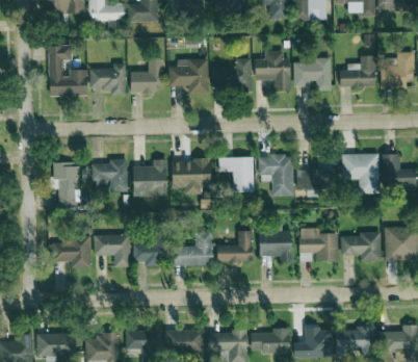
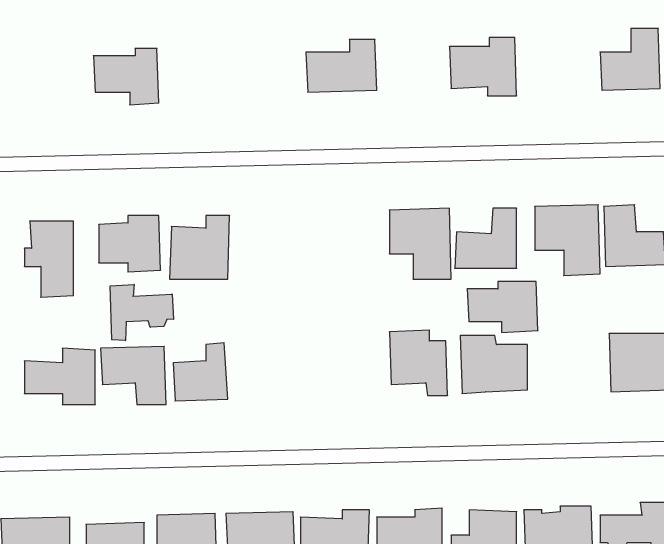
building: [49,45,87,96] -> none
building: [255,50,291,90] -> none
building: [339,56,375,87] -> none
building: [130,58,163,93] -> none
building: [168,58,209,94] -> none
building: [218,156,254,191] -> none
building: [172,159,211,195] -> none
building: none -> [110,284,174,341]
building: [217,230,253,262] -> none
building: [174,232,213,265] -> none
building: [341,232,382,261] -> [467,282,538,332]

